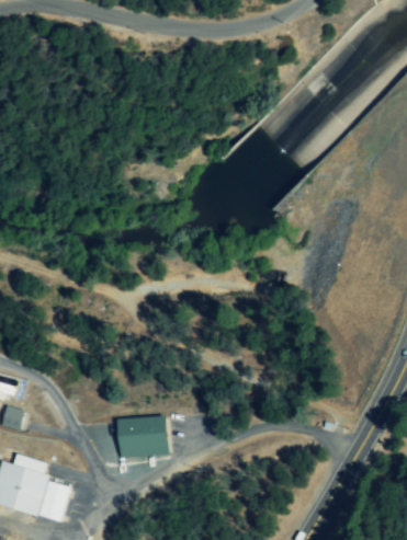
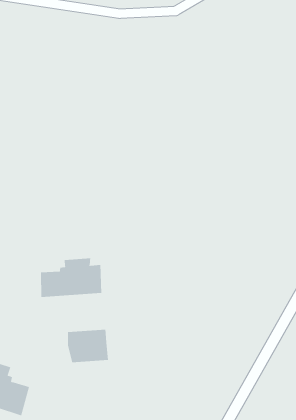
building: none -> [41,258,102,298]

